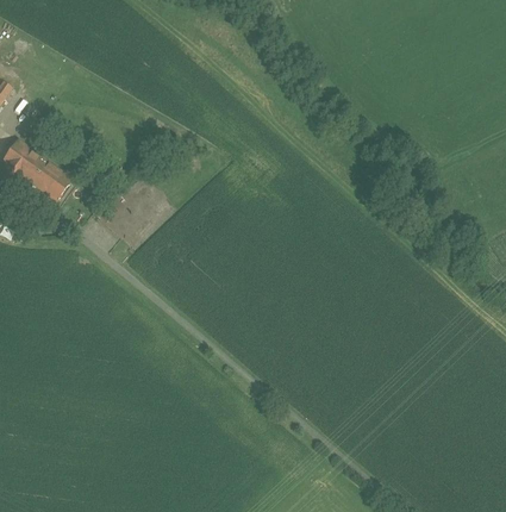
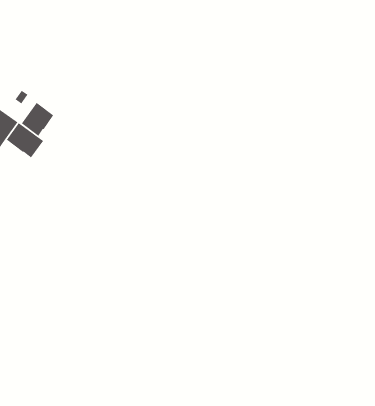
building: none -> [21,102,54,137]

